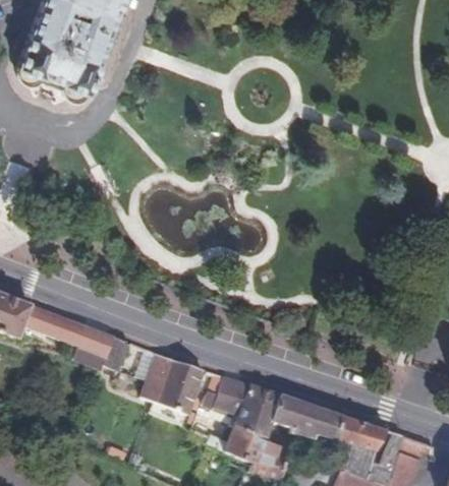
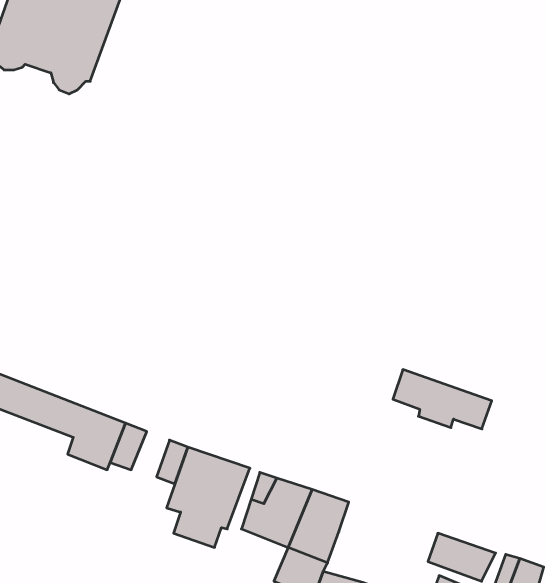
building: [272,394,343,437] -> [393,370,492,429]

